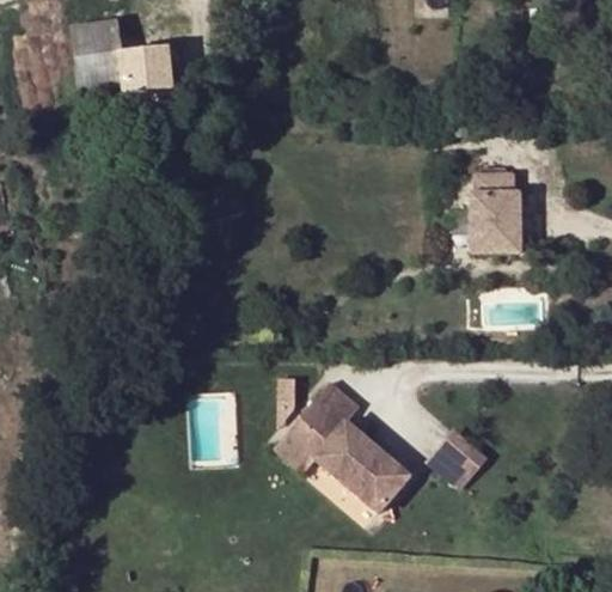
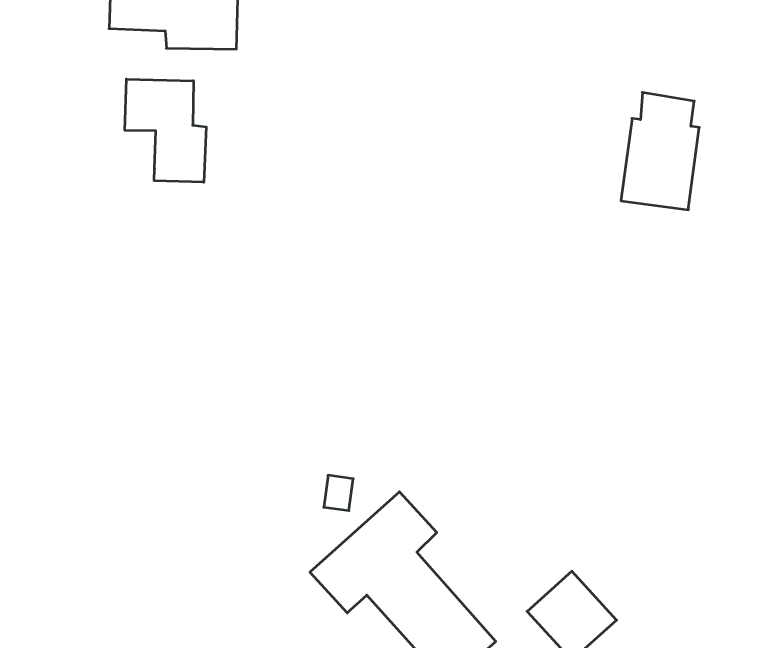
building: none -> [125,79,206,182]
building: [472,177,520,255] -> [621,92,699,210]

